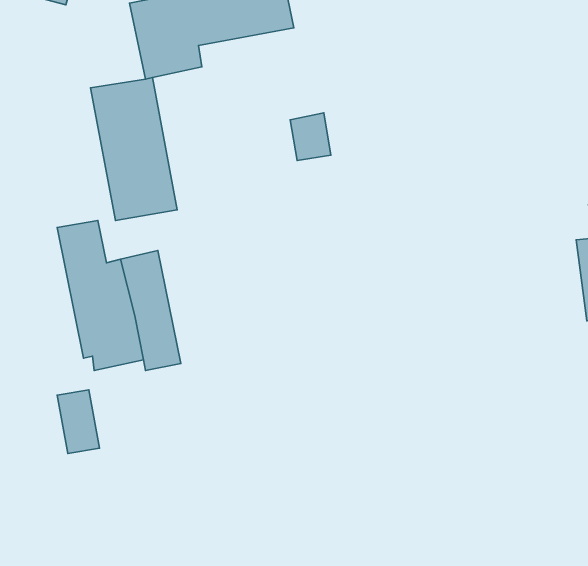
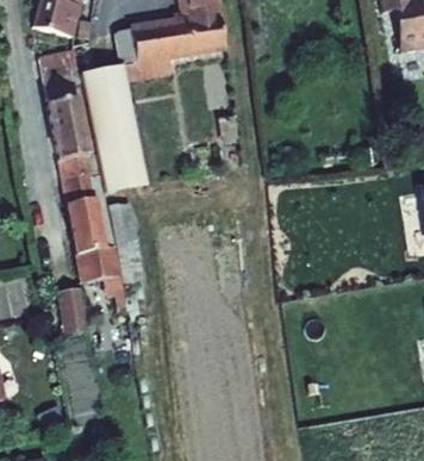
building: none -> [38,52,99,188]

